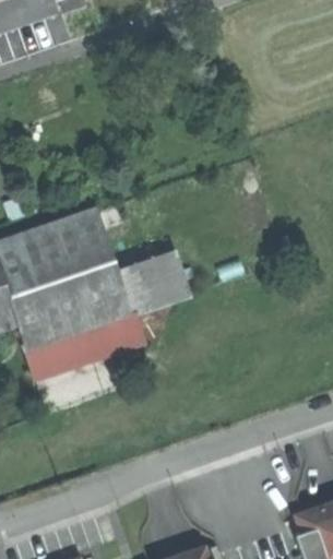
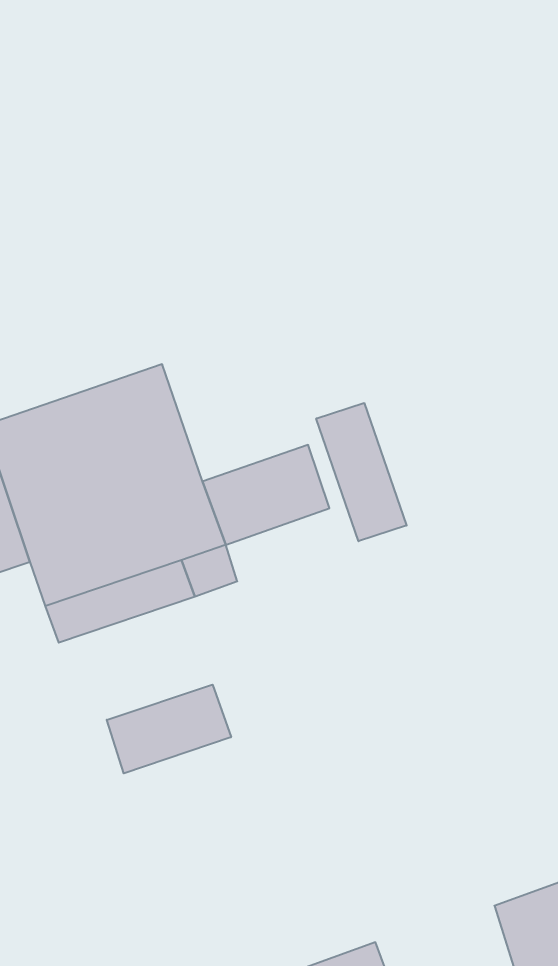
building: none -> [316,403,407,541]
building: none -> [107,685,231,773]

